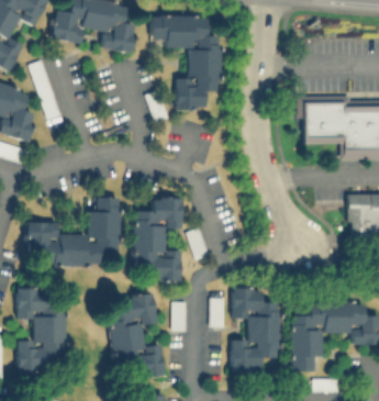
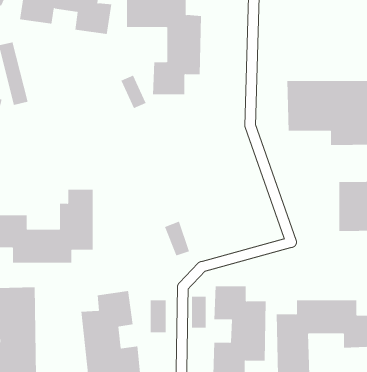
building: [132,198,182,282] -> none

